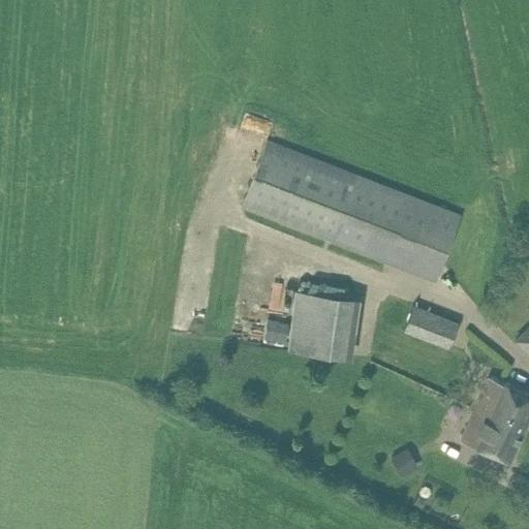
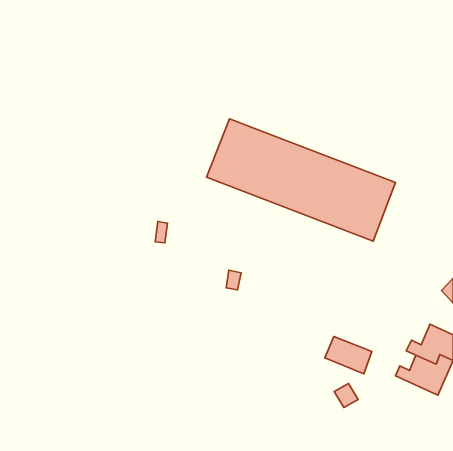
building: [289,287,361,355] -> none
building: [404,306,459,349] -> [325,337,372,374]

